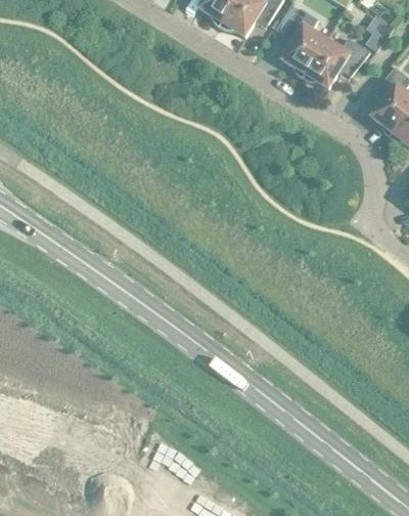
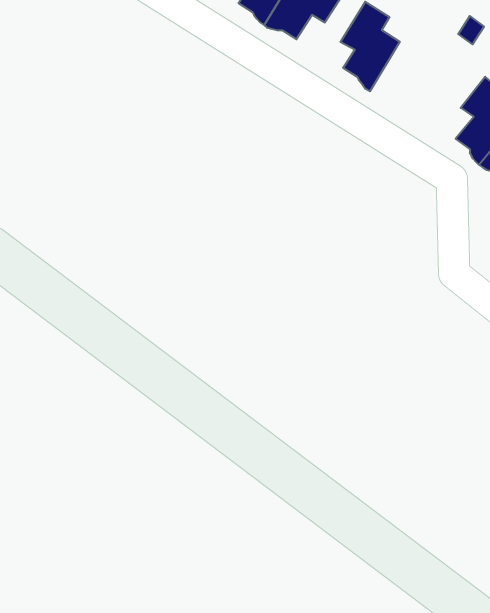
building: [304,38,370,88] -> none

